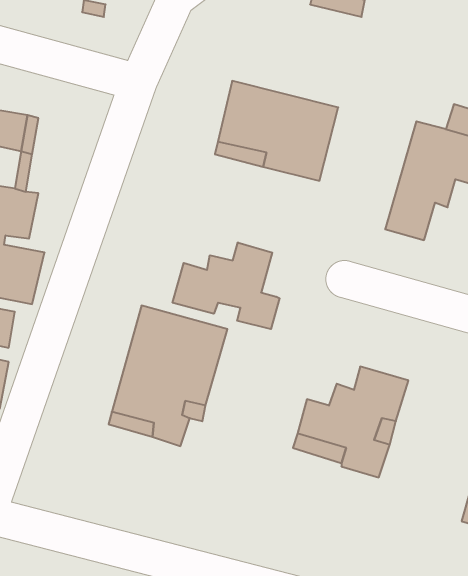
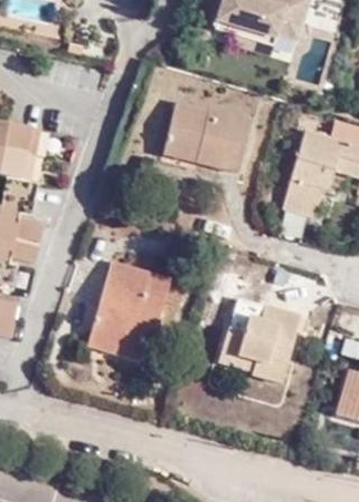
building: [173,242,280,329] -> none

